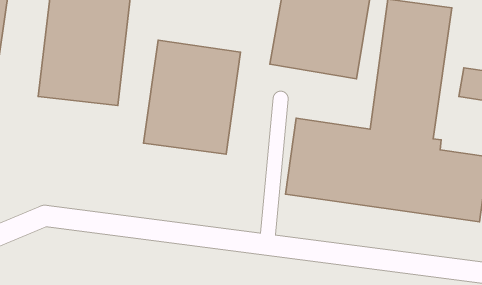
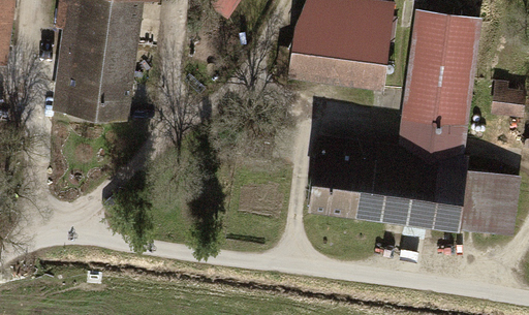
building: [143,40,240,154] -> none

